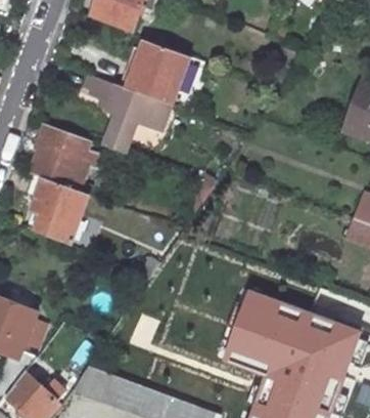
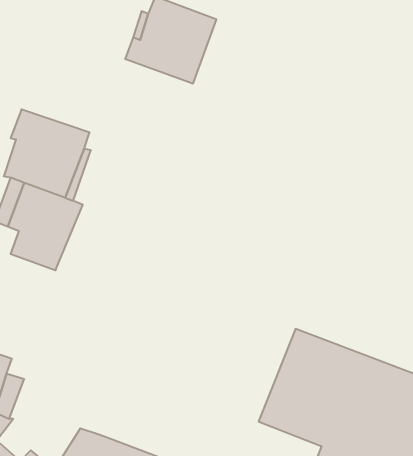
building: [83,75,172,153] -> none

